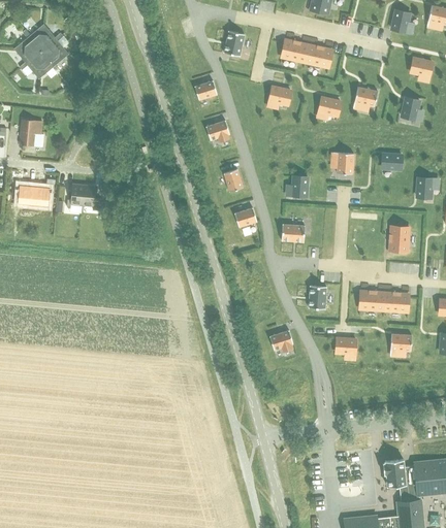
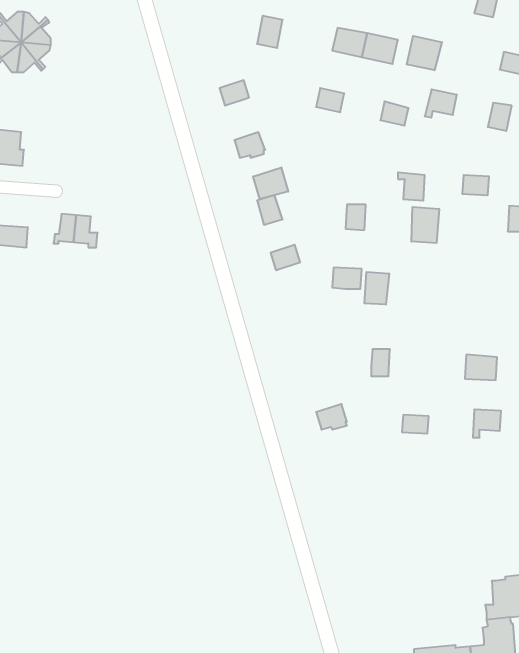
building: none -> [407,36,442,70]
building: none -> [253,167,288,199]
building: none -> [411,207,439,243]
building: [388,226,408,251] -> none
building: none -> [364,272,389,305]
building: [358,291,384,310] -> none
building: [382,459,405,487] -> none

